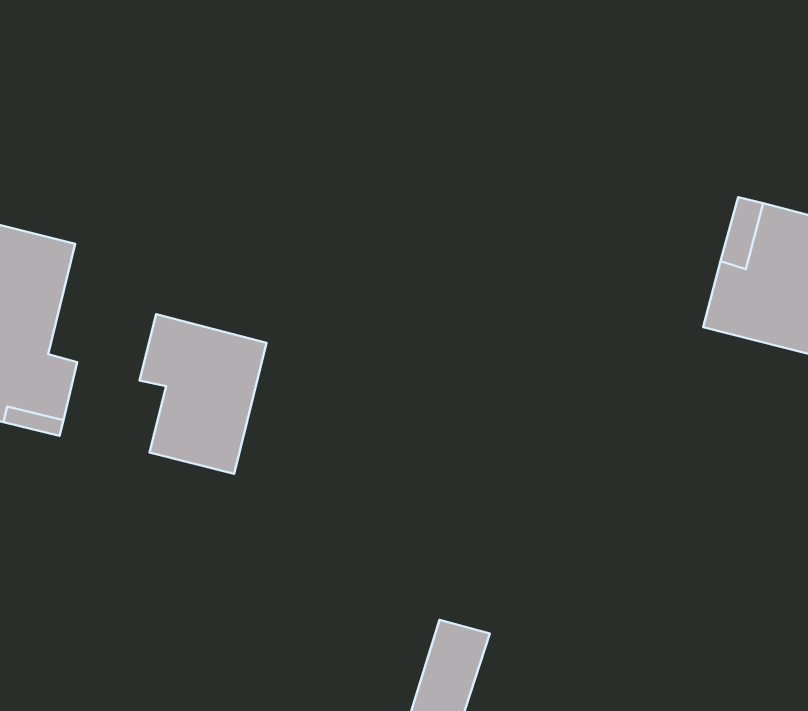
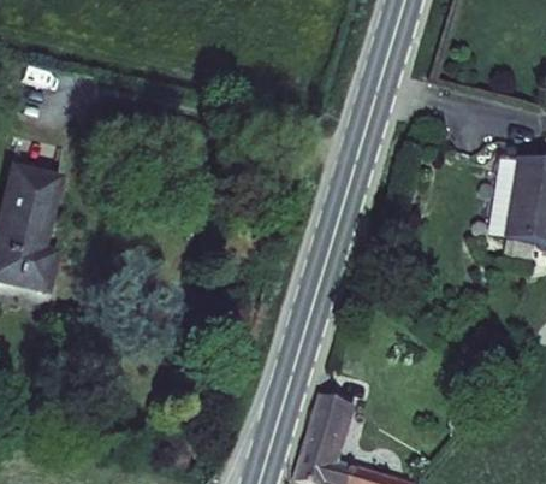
building: [139,314,266,474] -> none

